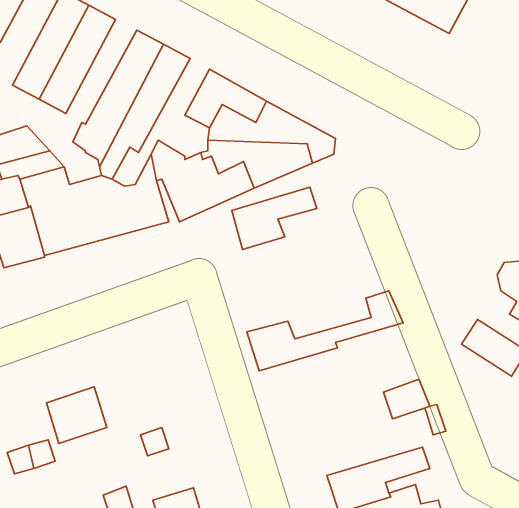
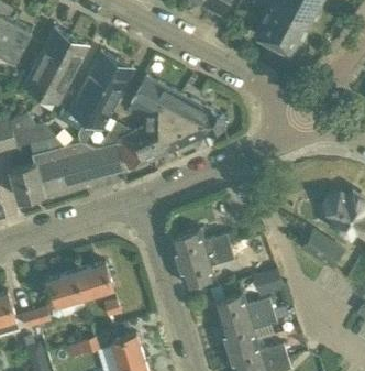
building: [232,187,317,249] -> [176,251,229,290]
building: none -> [74,266,112,301]
building: none -> [211,296,277,330]

